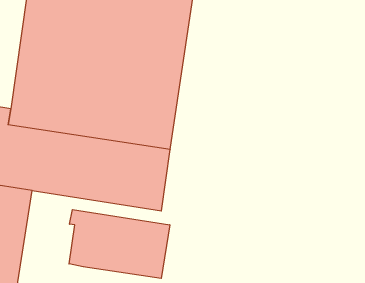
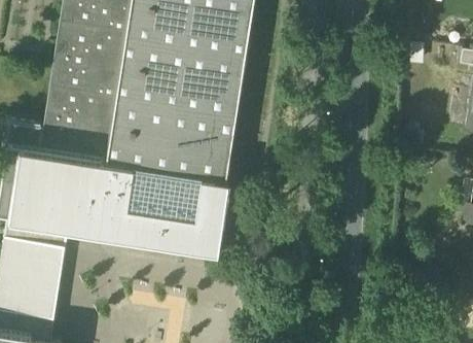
building: [69,210,170,278] -> none

